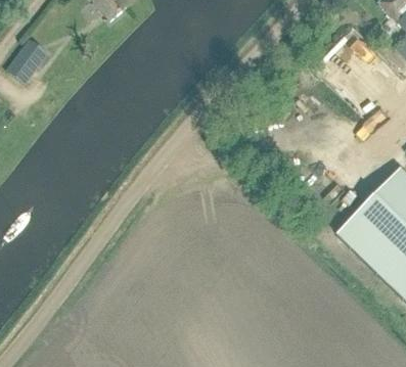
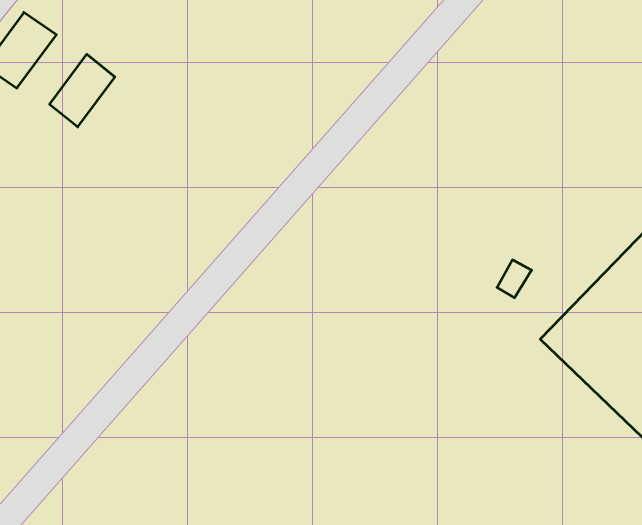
building: none -> [50,54,115,127]

